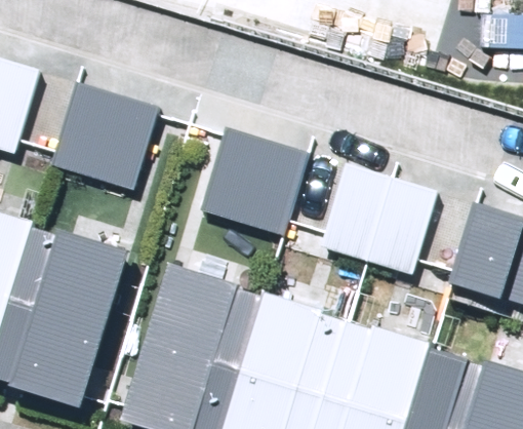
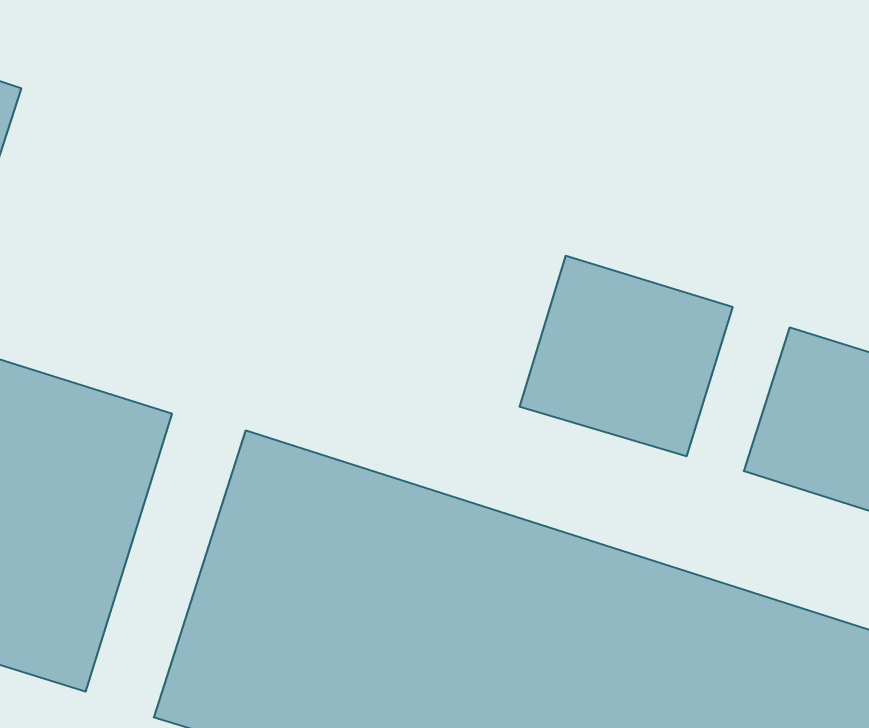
building: [52,84,158,188] -> none
building: [201,127,310,235] -> none

